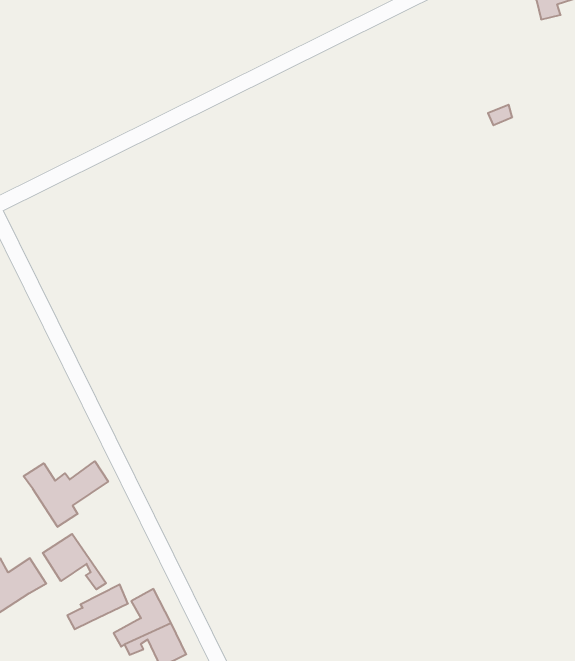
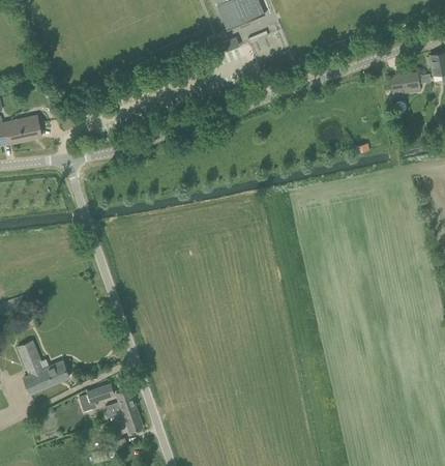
building: [24,461,108,527] -> none
building: [43,534,106,589] -> none

